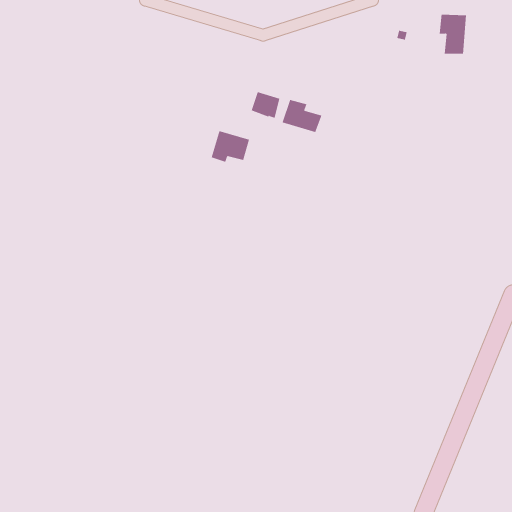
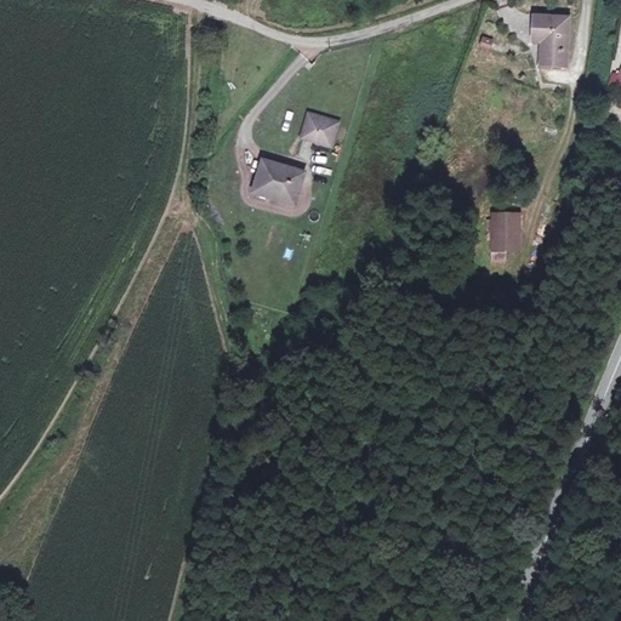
building: [282,99,322,133] -> none
building: none -> [491,212,519,262]

